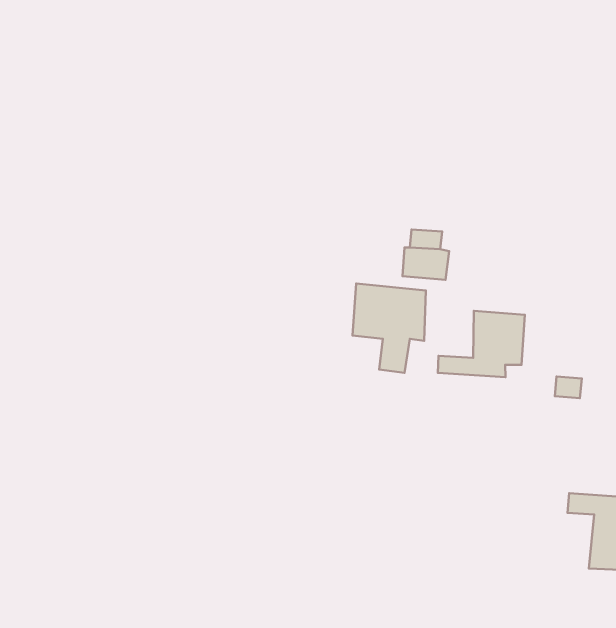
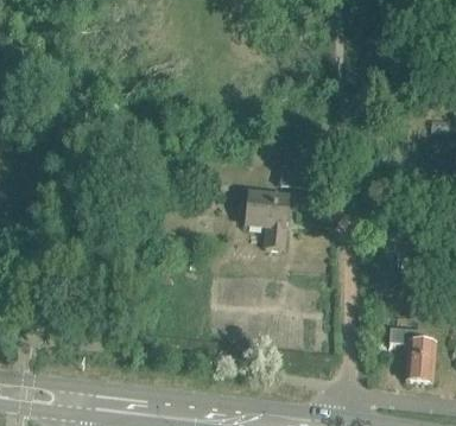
building: [438,311,525,377] -> none

